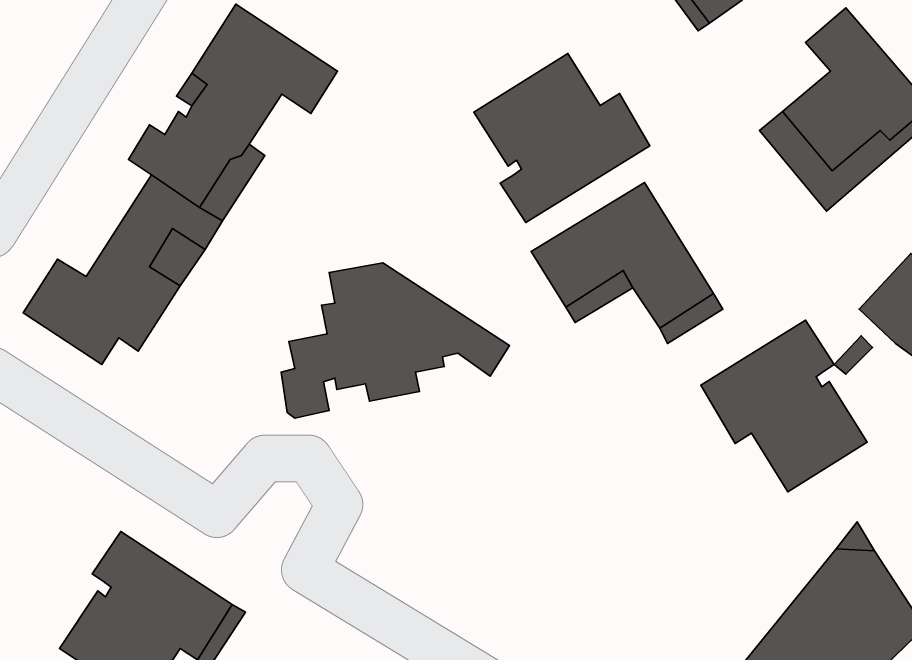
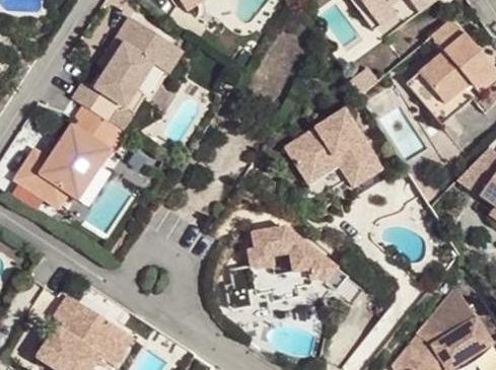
building: [474,54,650,223] -> none
building: [281,263,509,418] -> [226,227,347,309]
building: [701,320,867,492] -> none

